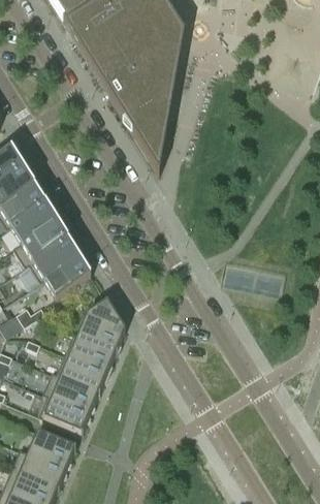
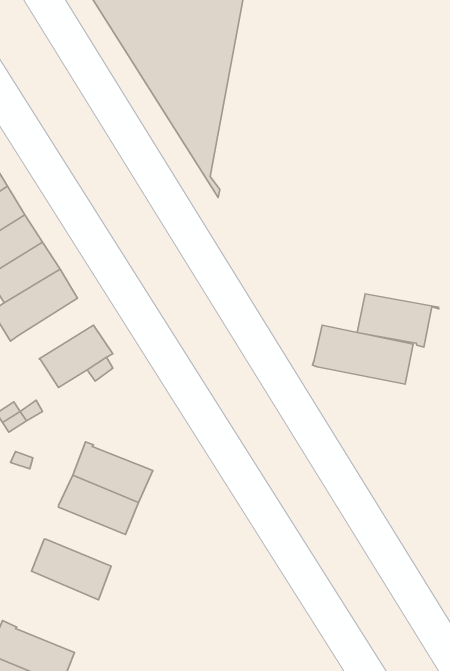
building: none -> [357,294,439,347]
building: [31,238,81,280] -> none
building: [79,300,127,349] -> none
building: [44,370,101,411] -> none
building: [30,430,77,467] -> none

